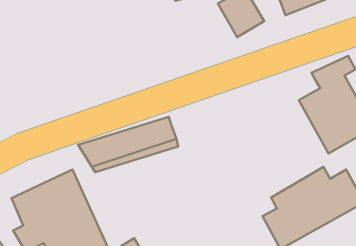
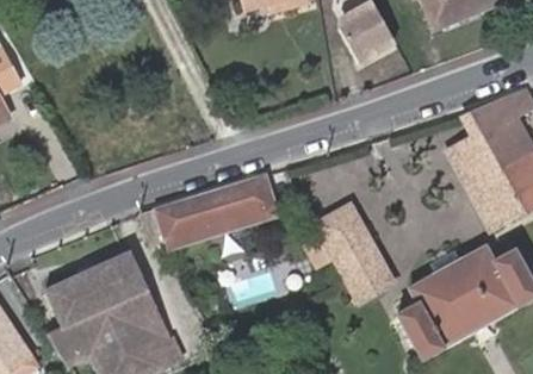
building: none -> [316,205,395,301]

